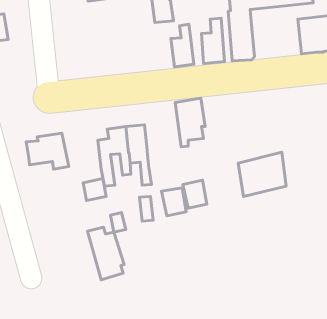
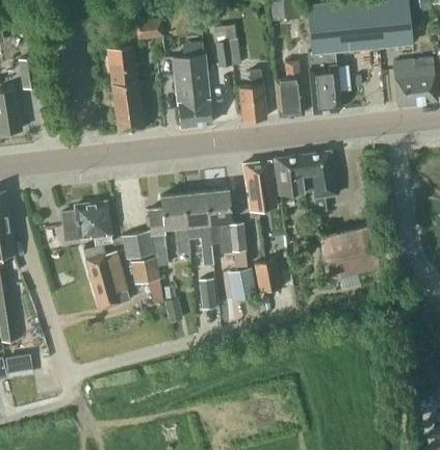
building: none -> [106,46,145,131]
building: none -> [173,54,212,127]
building: none -> [275,151,338,212]
building: none -> [206,189,247,267]
building: none -> [122,231,154,259]
building: [87,227,124,280] -> [83,245,128,310]

